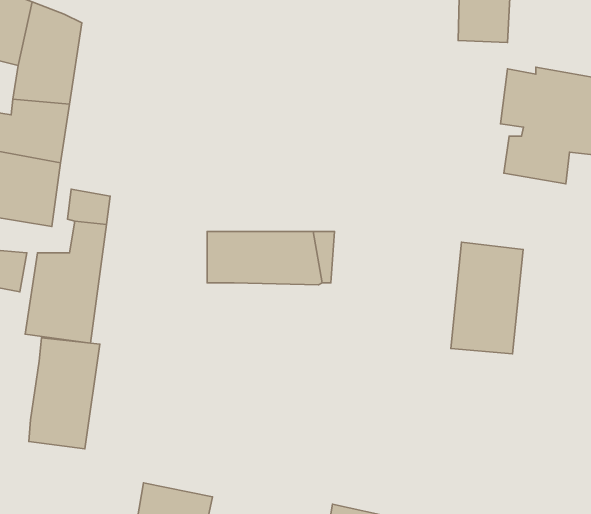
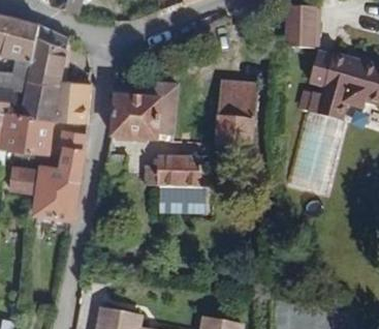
building: none -> [124,83,188,140]
building: none -> [52,84,86,124]
building: [451,242,523,354] -> [213,83,255,148]
building: none -> [153,188,202,216]
building: [29,338,100,449] -> none

